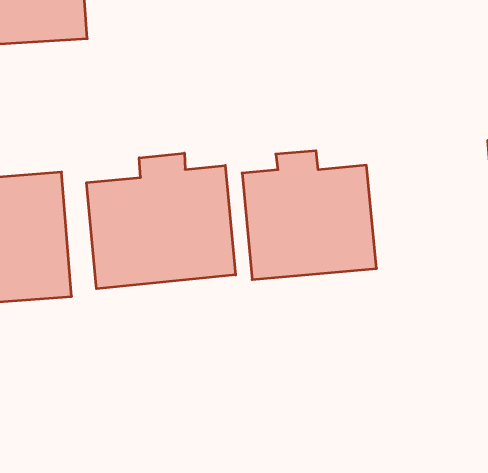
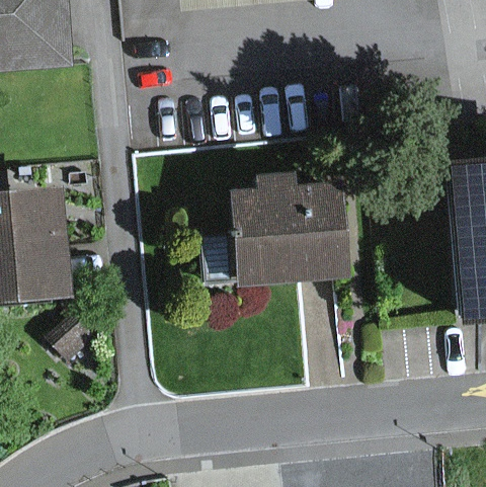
building: [87,153,236,289] -> none

